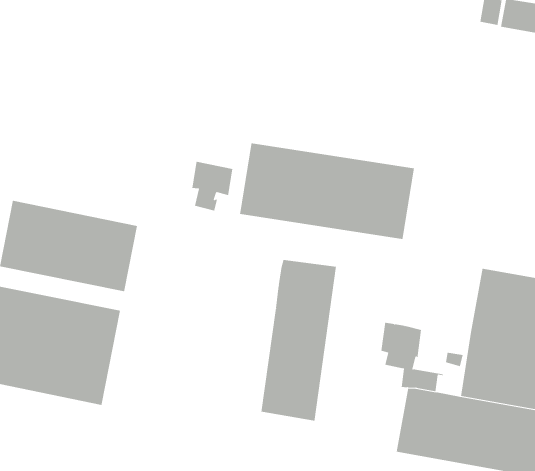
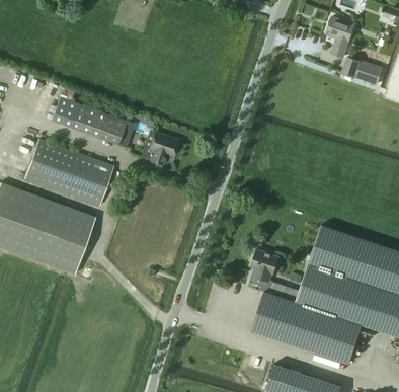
building: none -> [52,98,129,148]
building: [239,143,414,240] -> none
building: [261,259,336,422] -> none

